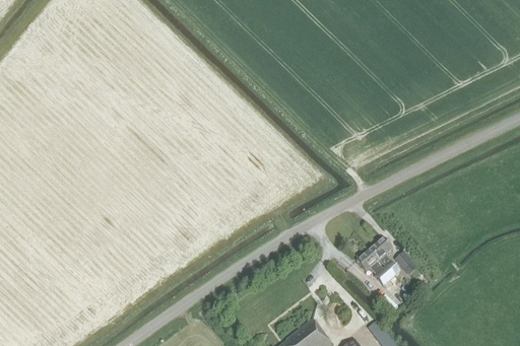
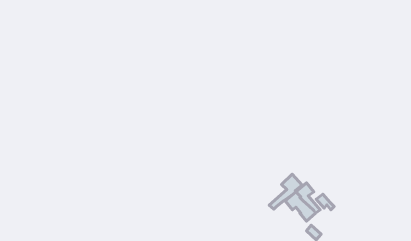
building: none -> [269,174,302,209]

